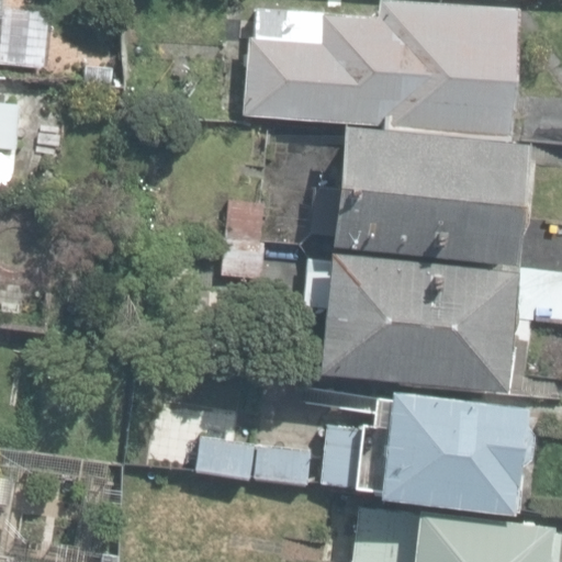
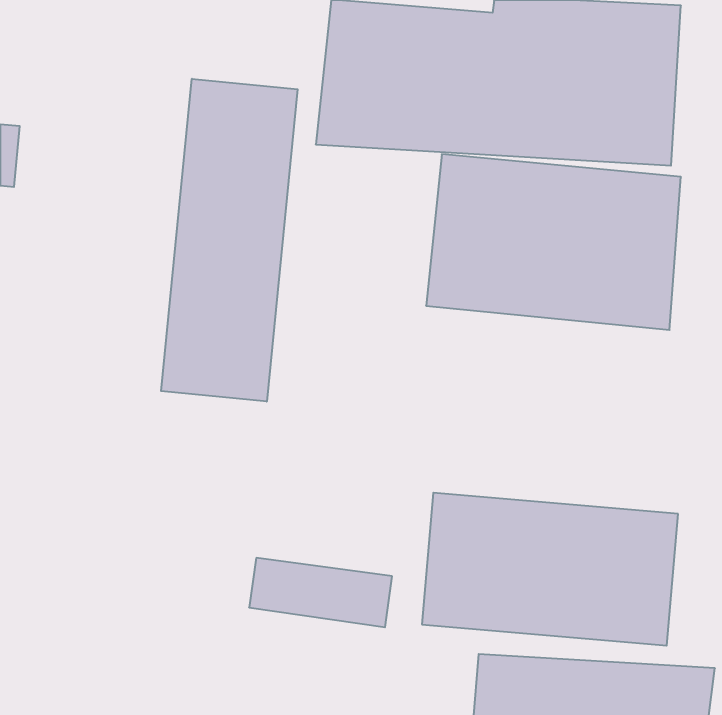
building: none -> [161,79,298,402]
building: [318,255,518,395] -> none

